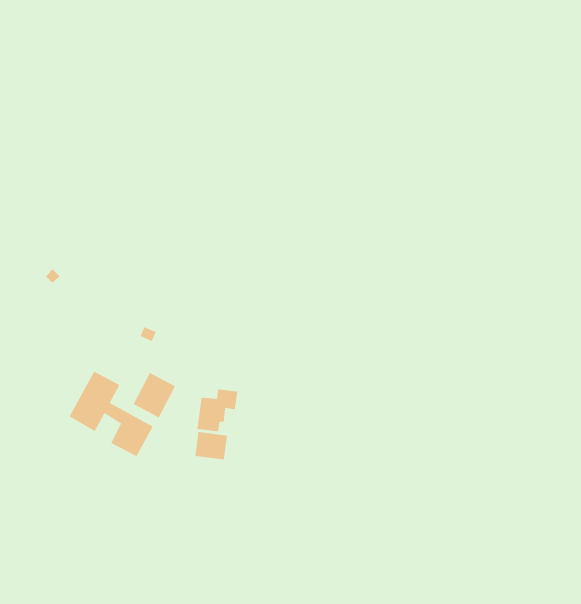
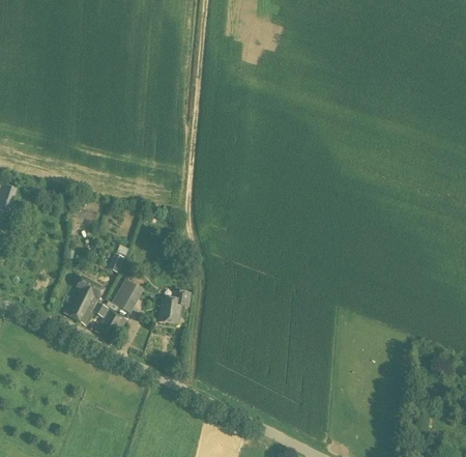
building: [195,431,227,460] -> none

